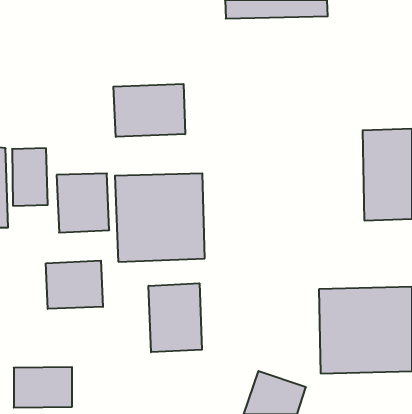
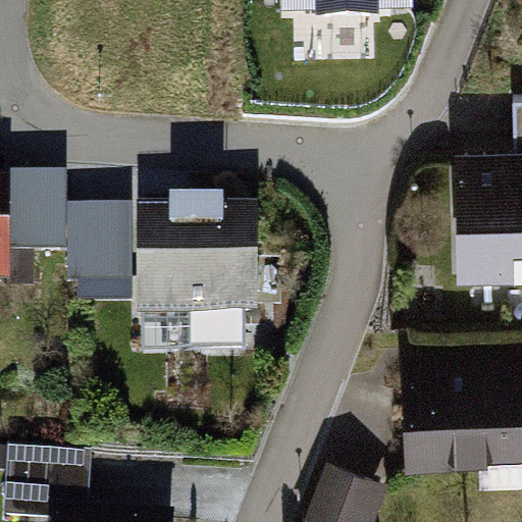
building: [113,84,185,137] -> none
building: [46,261,103,309] -> none
building: [149,283,202,352] -> none

